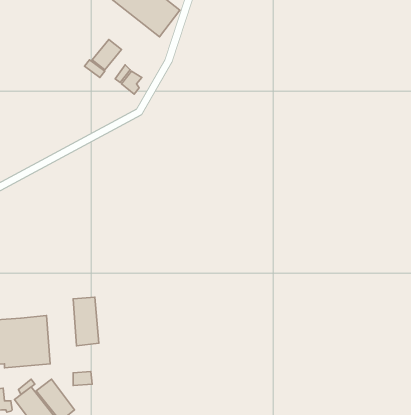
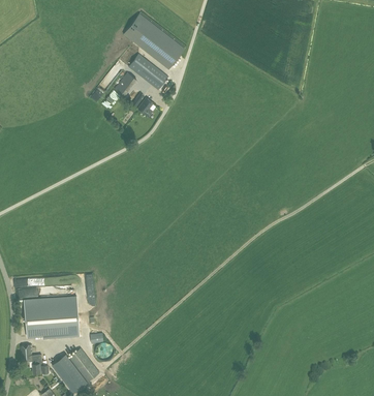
building: none -> [127,53,167,88]
building: [73,297,99,346] -> none

